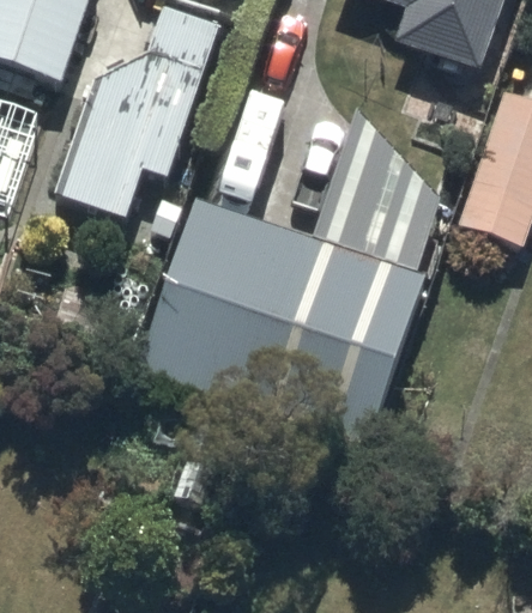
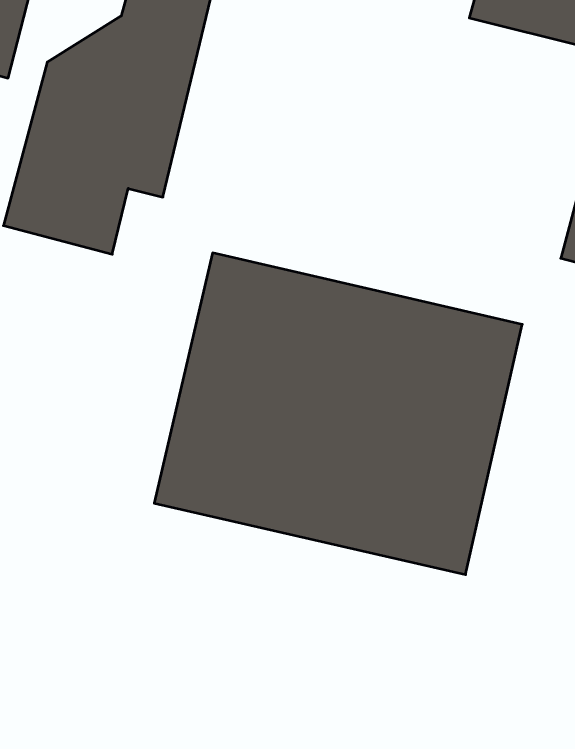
building: [320,109,446,273] -> none

